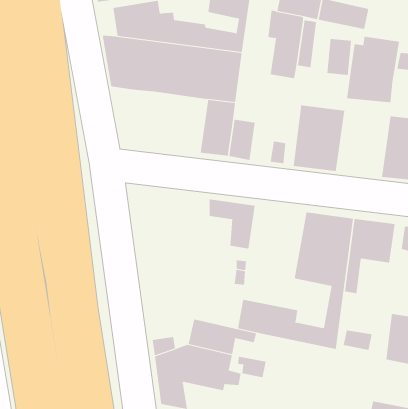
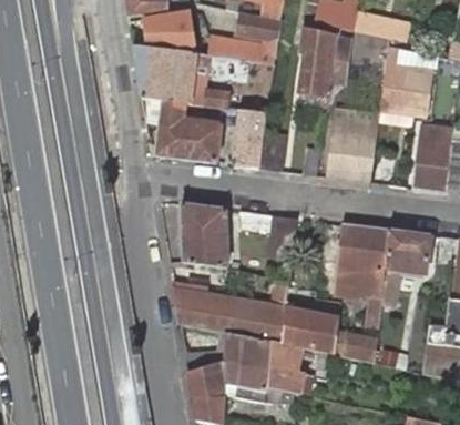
building: none -> [157,100,223,162]
building: none -> [181,203,228,267]
building: none -> [173,291,276,343]

